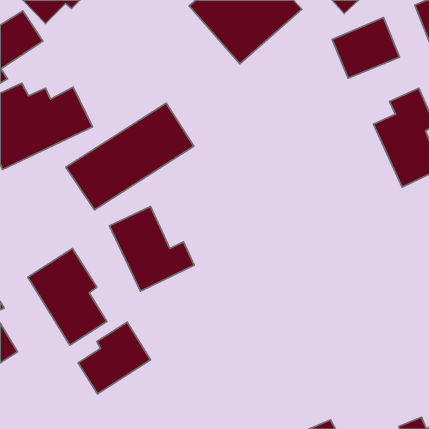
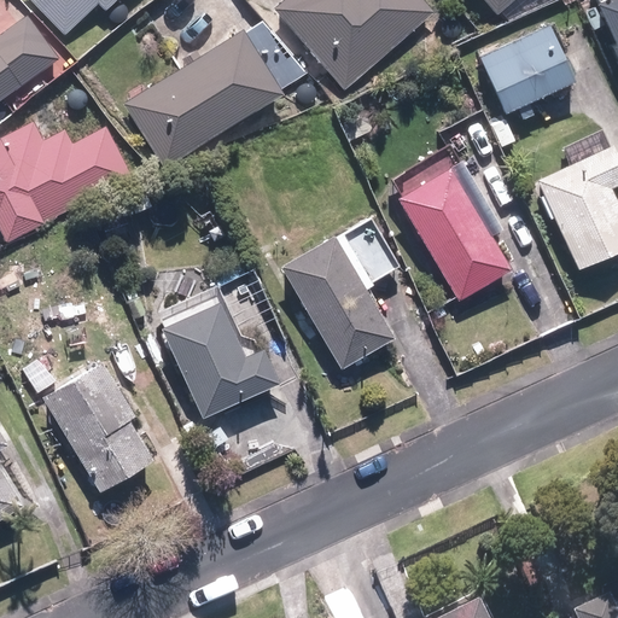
building: [66,103,194,210] -> [121,14,304,168]
building: none -> [396,156,513,302]
building: none -> [276,221,400,372]
building: [78,322,151,394] -> none

